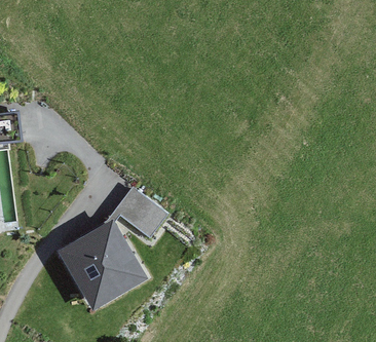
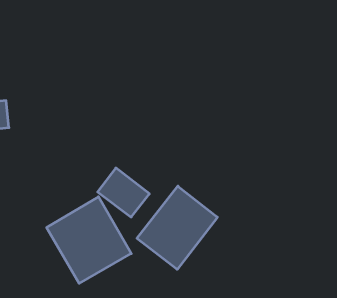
building: none -> [137,186,217,269]

